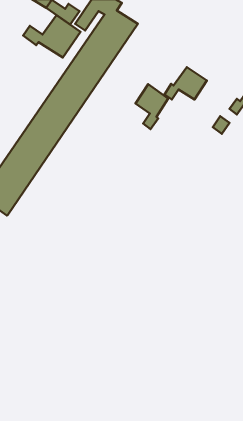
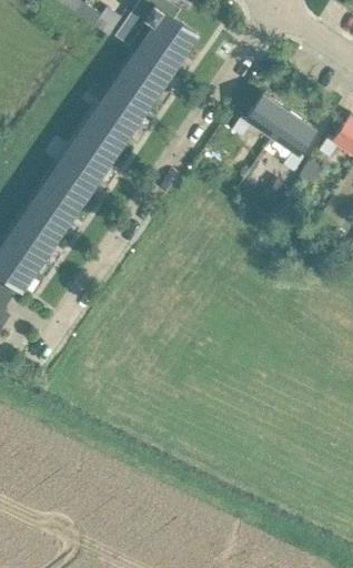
building: [23,15,80,58] -> none
building: [136,84,168,129] -> [274,112,317,172]

